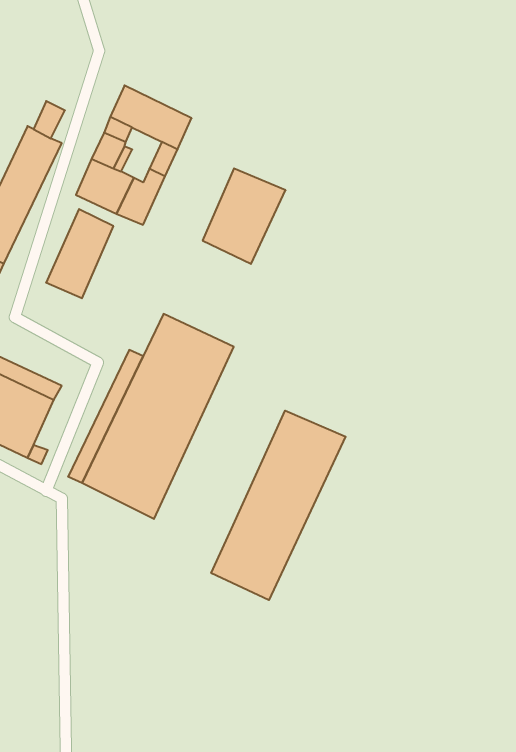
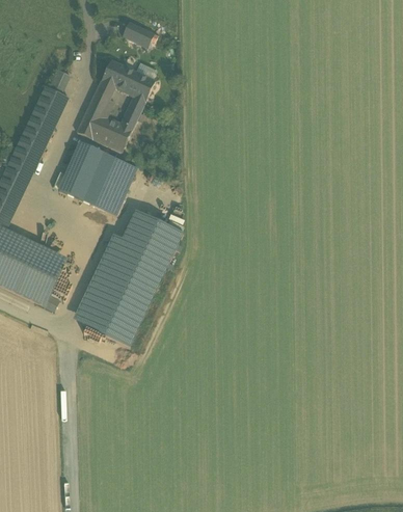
building: none -> [122,22,154,47]
building: [203,168,286,264] -> [81,152,136,215]
building: [211,411,346,600] -> none

